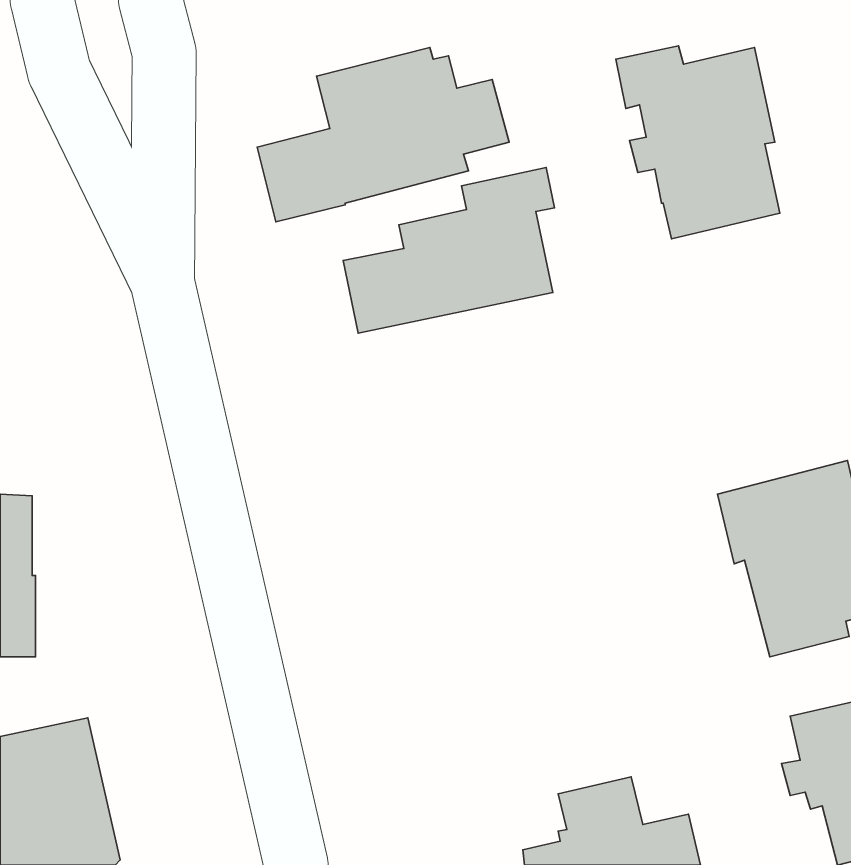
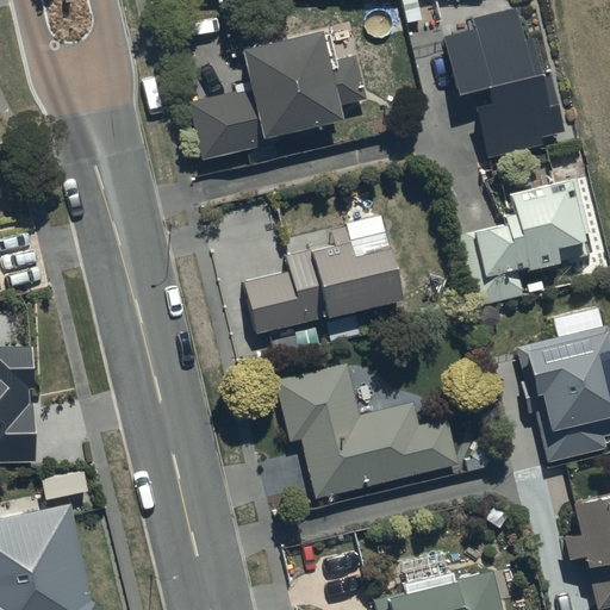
building: [343,167,555,333] -> [243,217,392,334]
building: none -> [468,179,598,305]
building: none -> [276,365,458,497]

